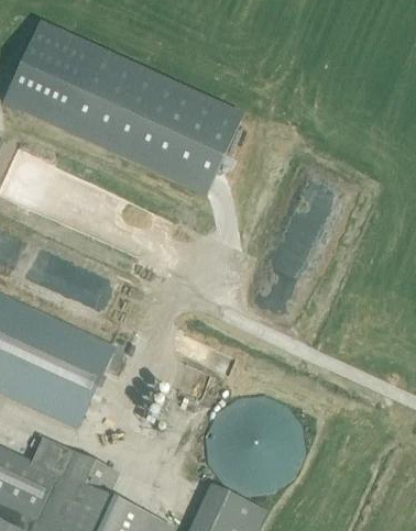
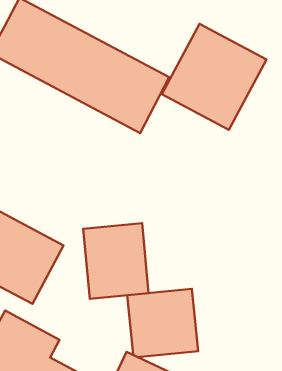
building: none -> [162,24,266,130]
building: none -> [83,223,149,299]

